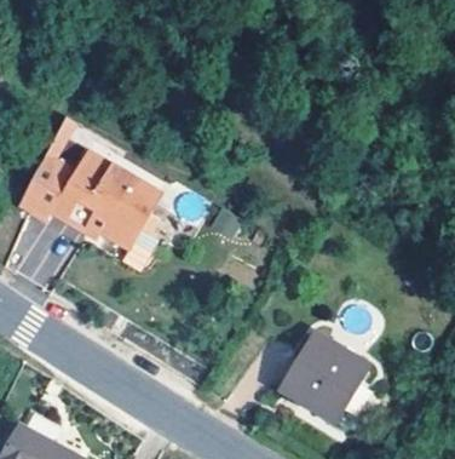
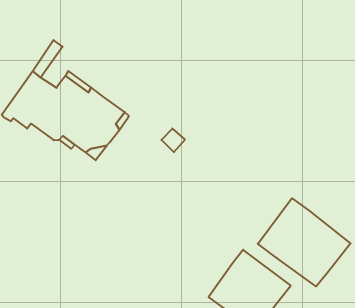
building: none -> [258,198,351,286]

